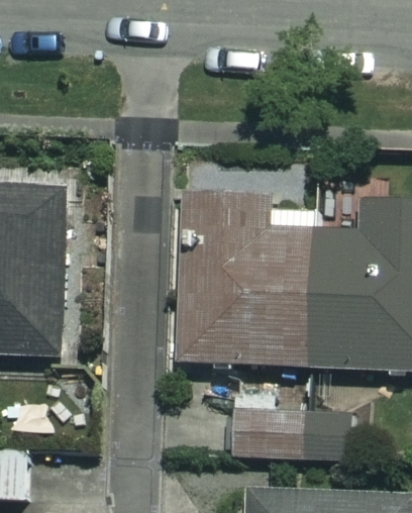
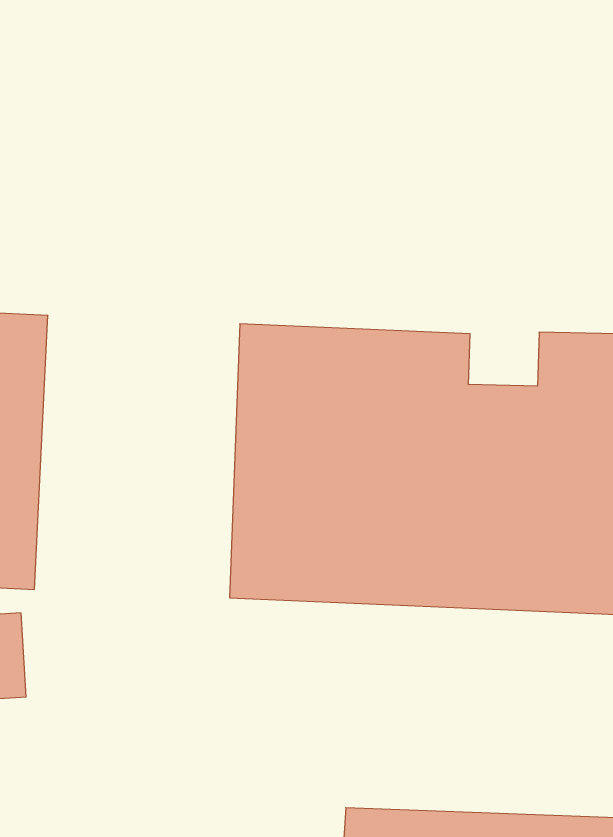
building: [234,398,351,457] -> none

